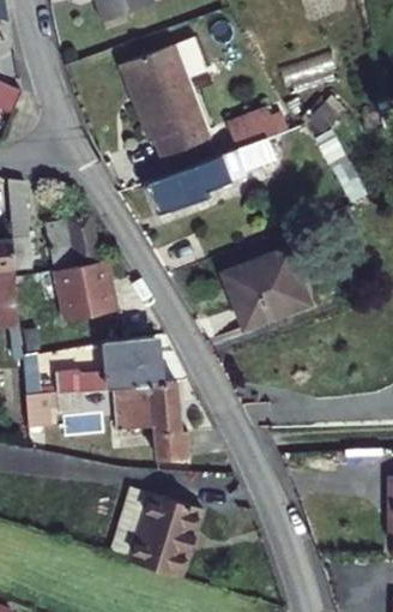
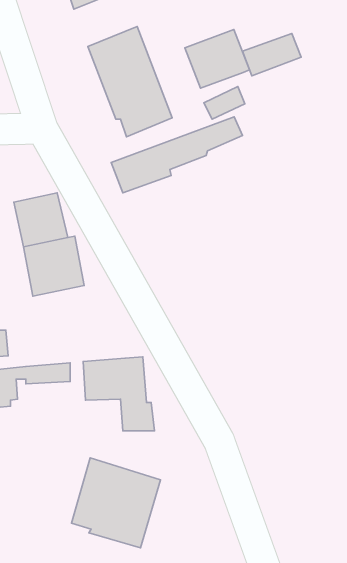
building: none -> [185,29,250,88]
building: [223,248,309,328] -> none
building: [56,336,159,392] -> none

